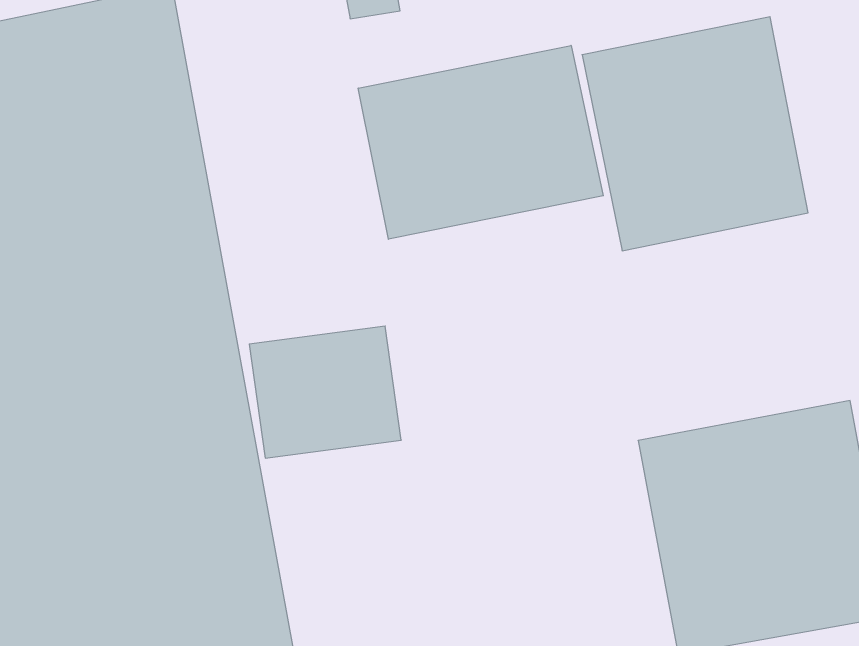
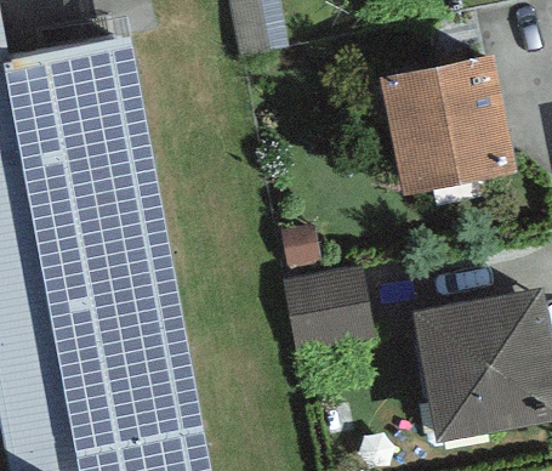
building: [358,45,603,239] -> none
building: [249,326,401,458] -> [284,267,376,347]

